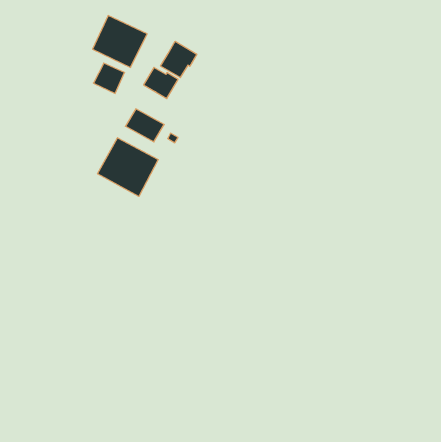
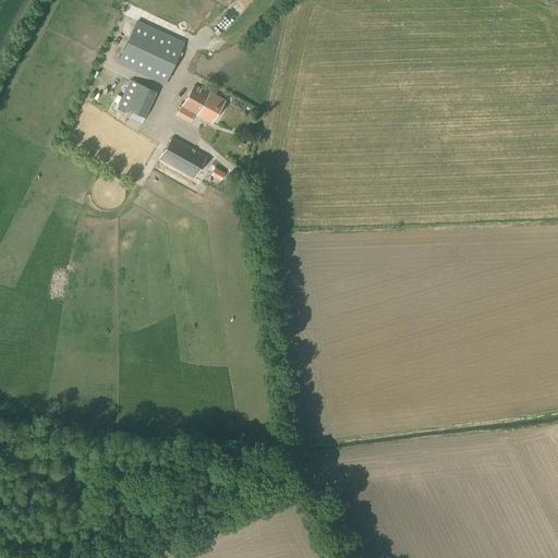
building: [161,41,197,78] -> none
building: [98,138,158,196] -> none

